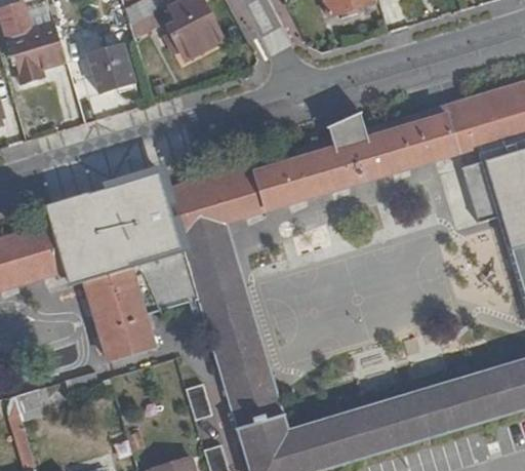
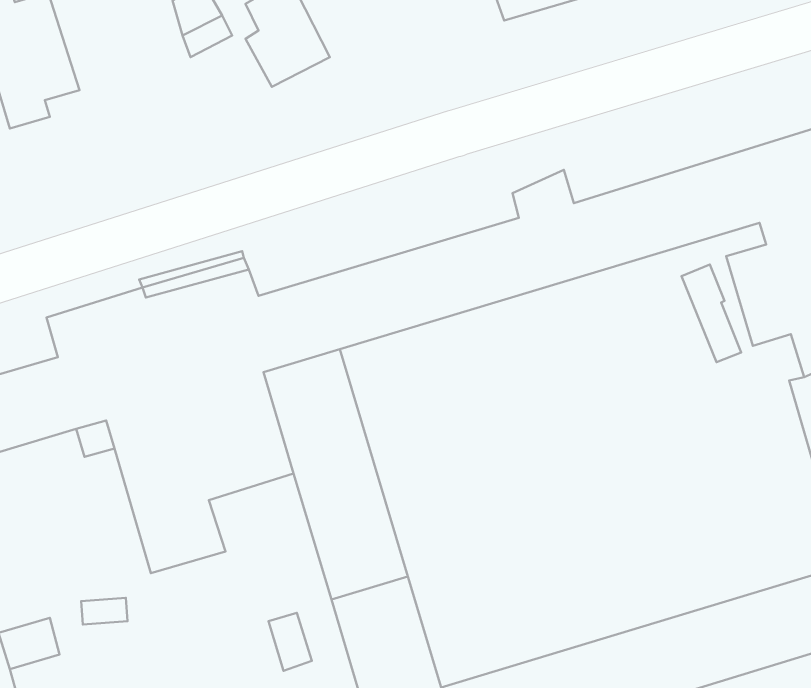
building: [88,47,133,93] -> none

